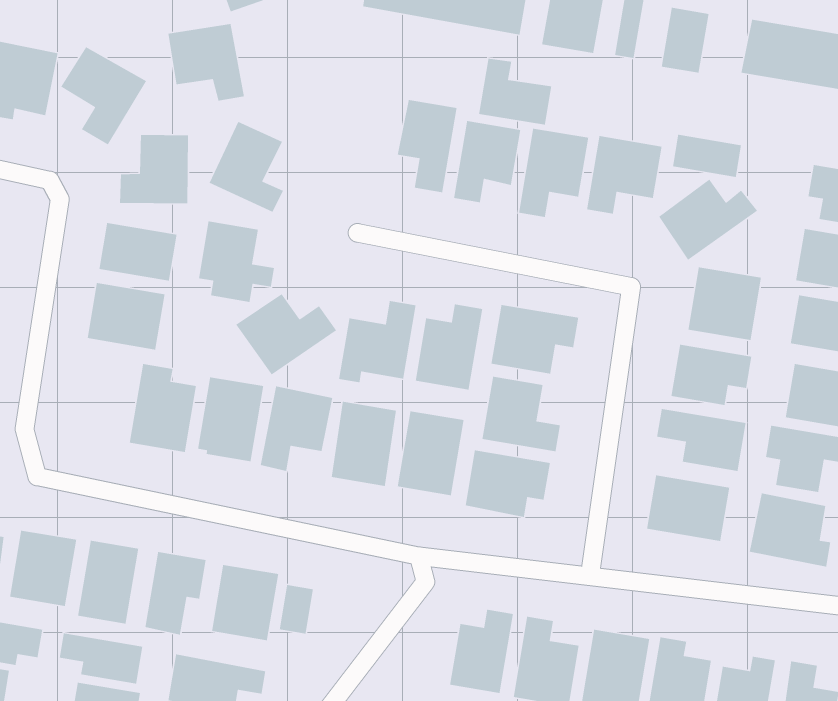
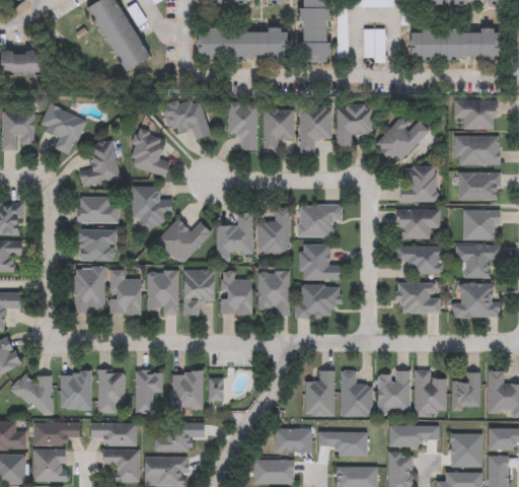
building: [168,23,245,102] -> [164,96,212,140]
building: [478,58,552,126] -> none
building: [672,134,742,178] -> none
building: none -> [74,268,105,311]

